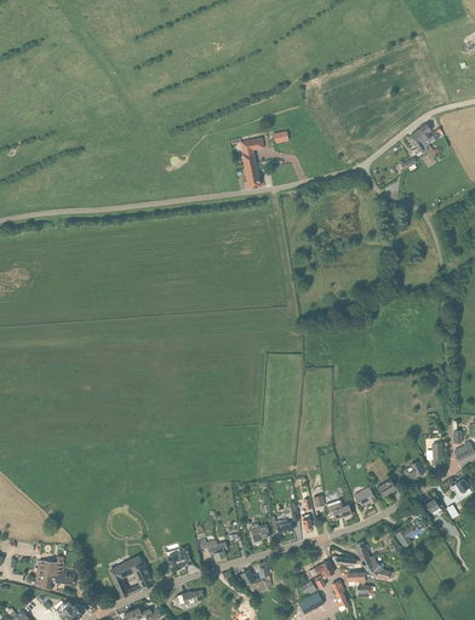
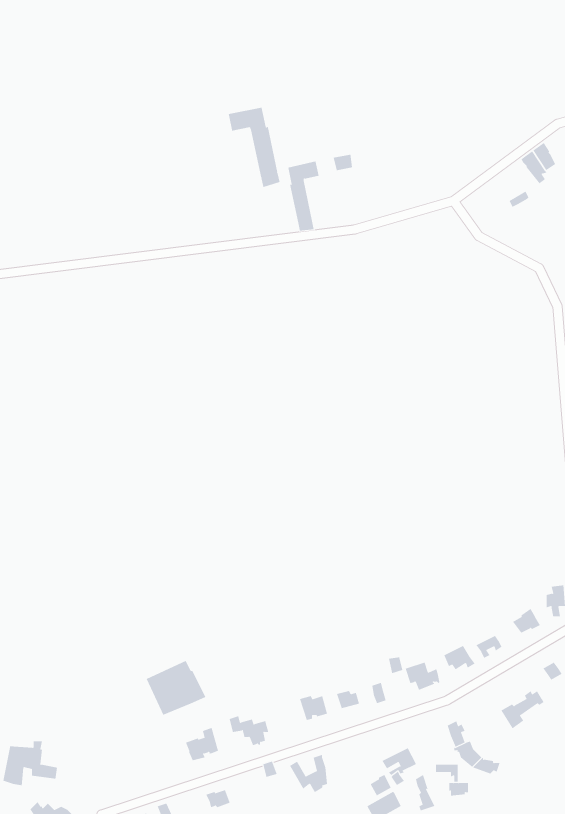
building: none -> [228,107,280,188]
building: [110,556,154,596] -> [146,660,206,716]

